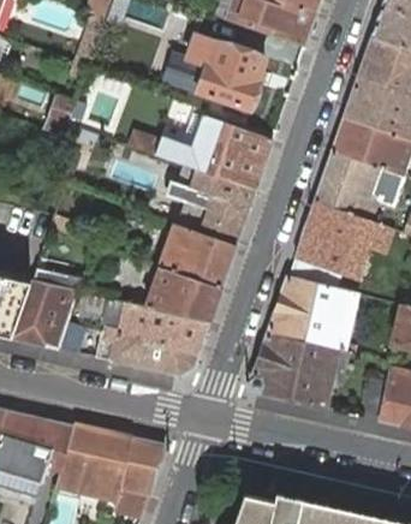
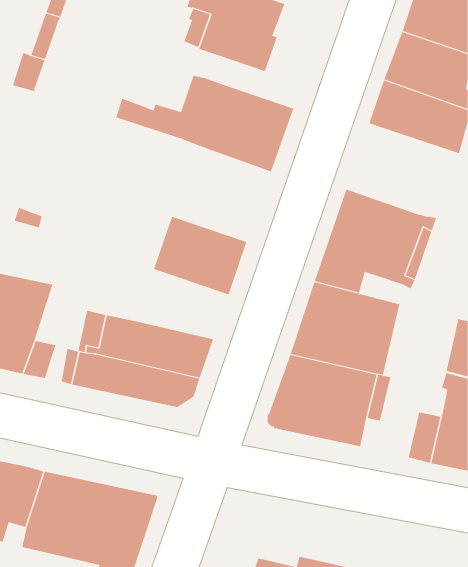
building: [312,151,403,225] -> none
building: [169,163,254,245] -> none
building: [139,260,220,322] -> none

